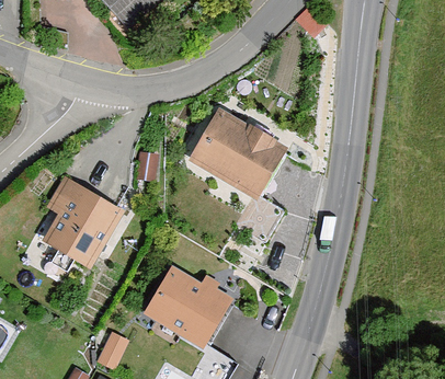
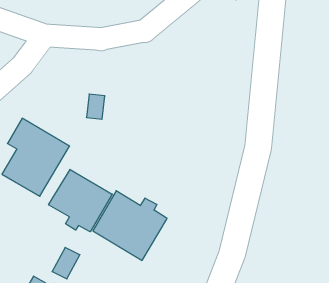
building: [185,108,282,199] -> none
building: none -> [49,169,112,232]

